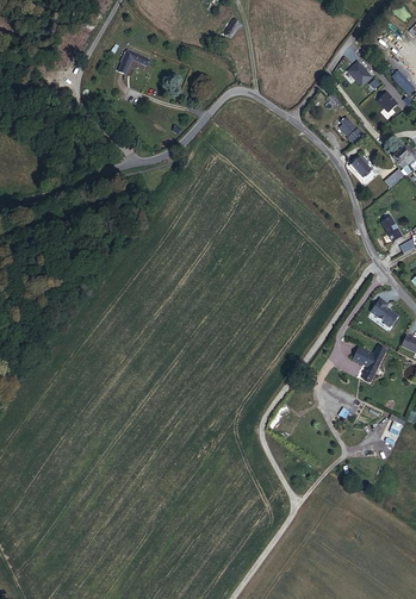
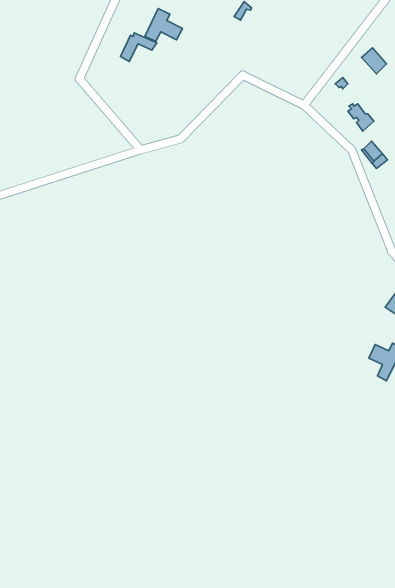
building: none -> [145,9,183,41]

